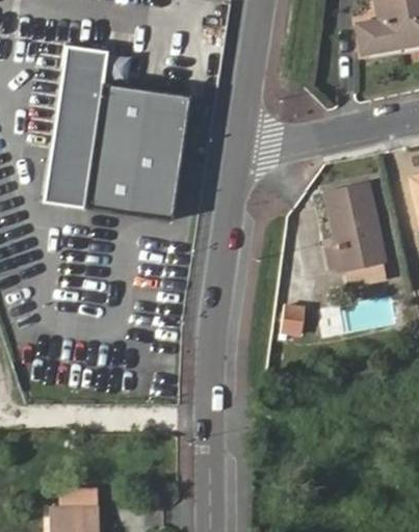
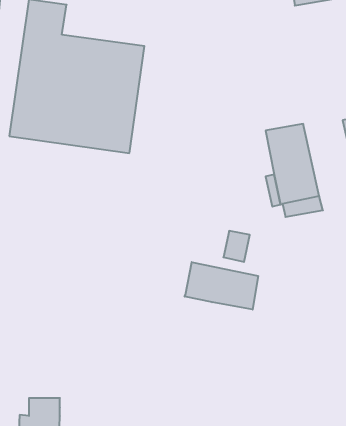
building: none -> [185,262,258,310]

